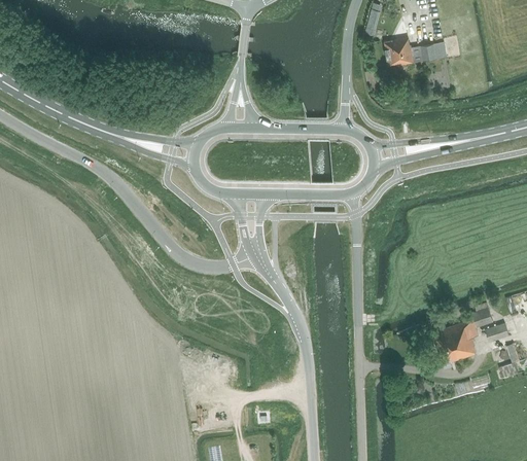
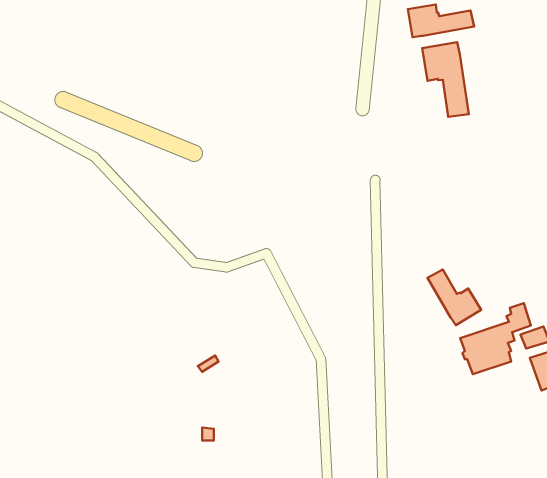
building: none -> [422,42,469,117]
building: none -> [428,270,481,325]

